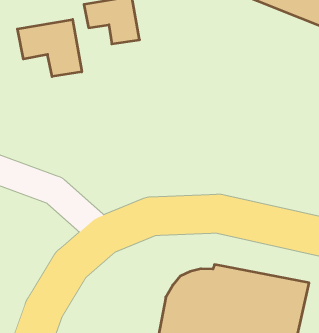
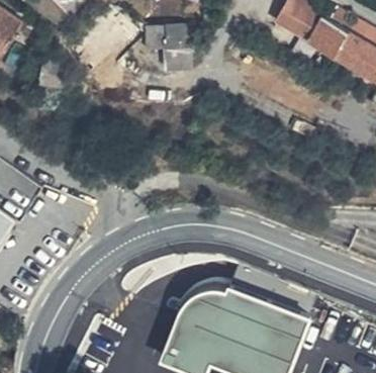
building: [17,19,82,77] -> none

